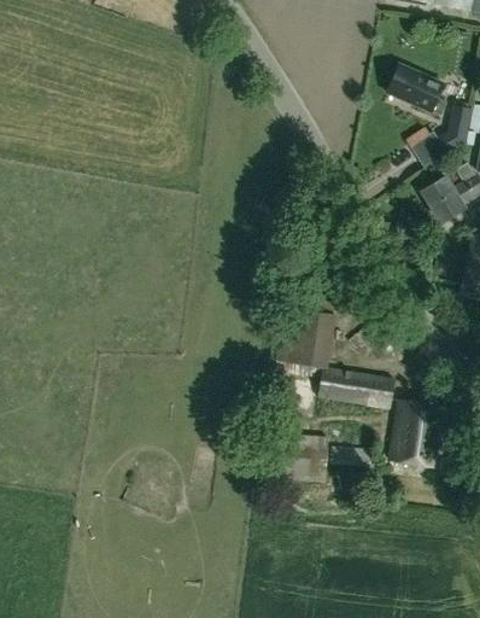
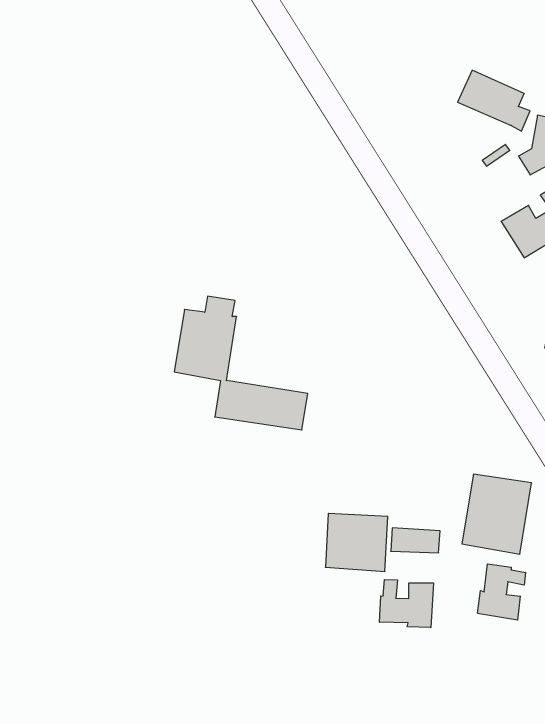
building: [283,299,394,410] -> [174,296,308,430]
building: none -> [478,564,526,620]
building: none -> [380,580,433,628]

